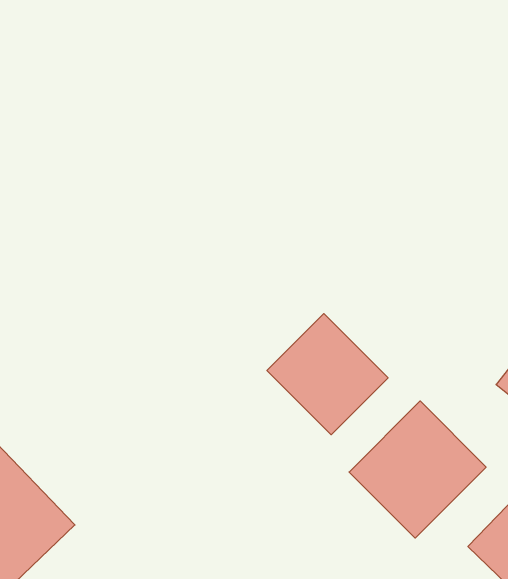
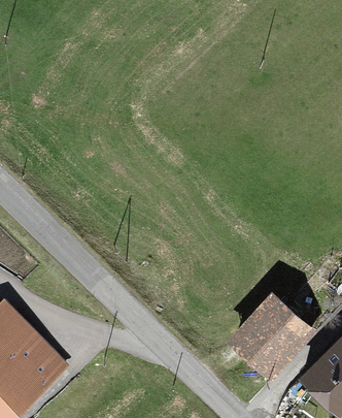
building: [267,314,388,435] -> none

